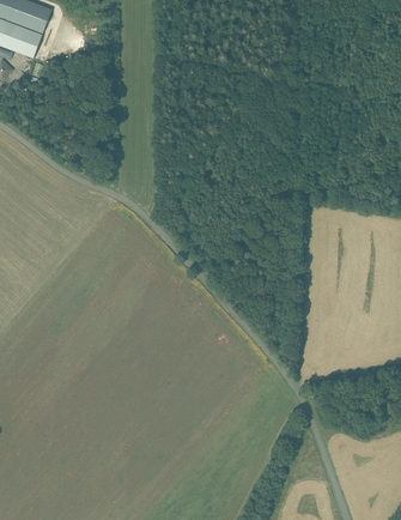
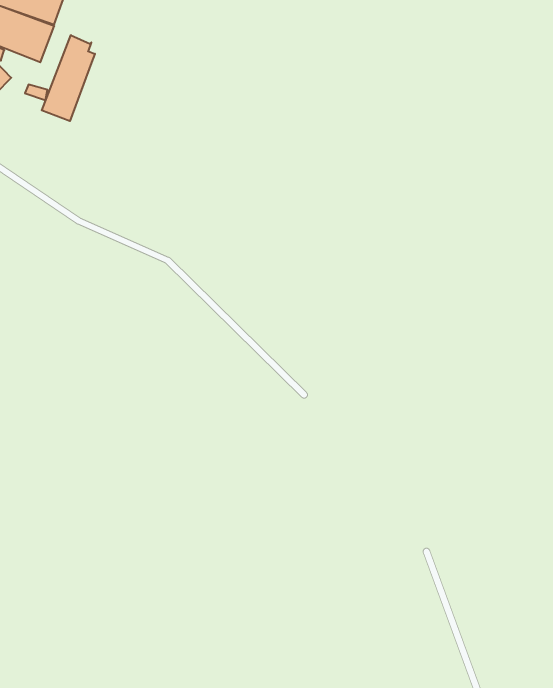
building: none -> [42,35,95,121]

